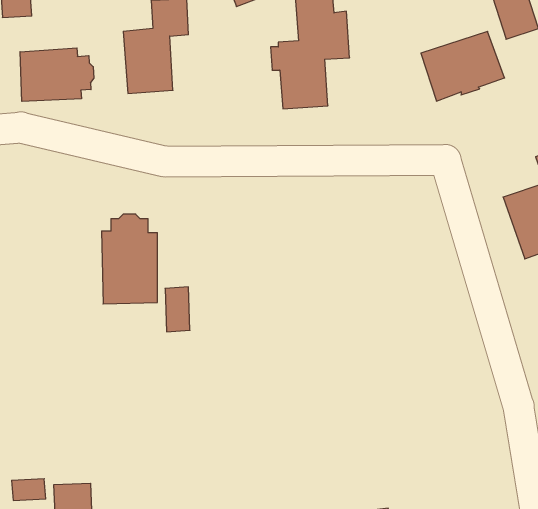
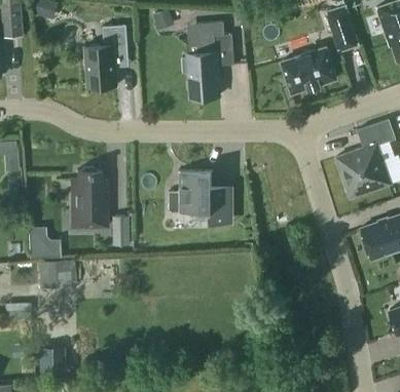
building: [20,48,94,101] -> none
building: none -> [169,171,233,224]
building: none -> [26,224,60,256]
building: none -> [39,261,79,281]

